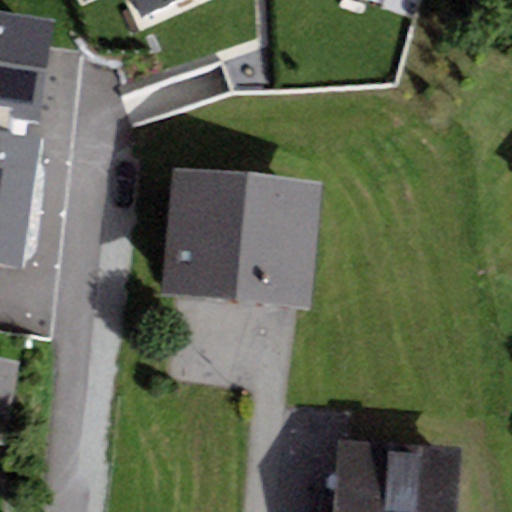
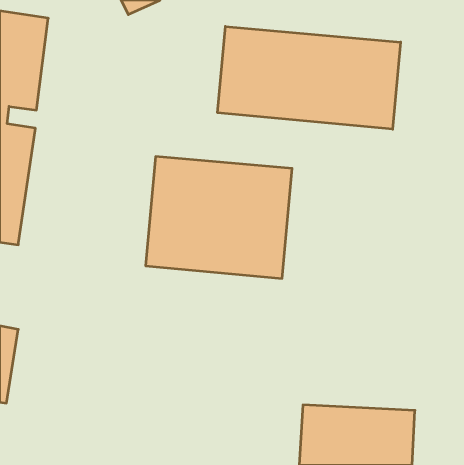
building: none -> [218,26,401,129]

